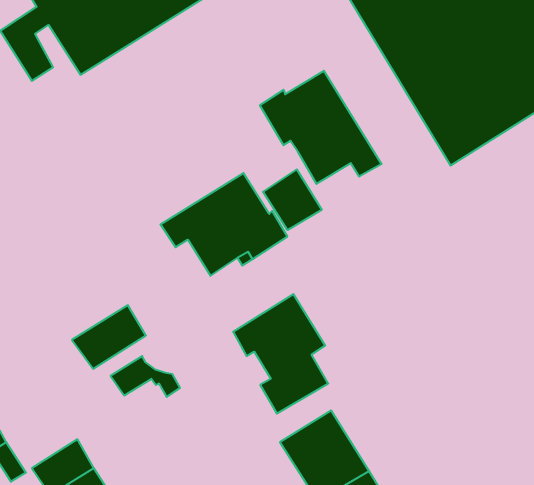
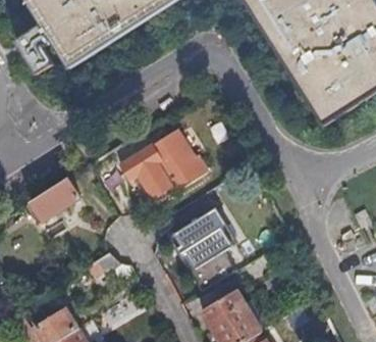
building: [260,71,382,184] -> none
building: [263,169,322,230] -> none
building: [72,305,146,369] -> [31,177,80,219]

